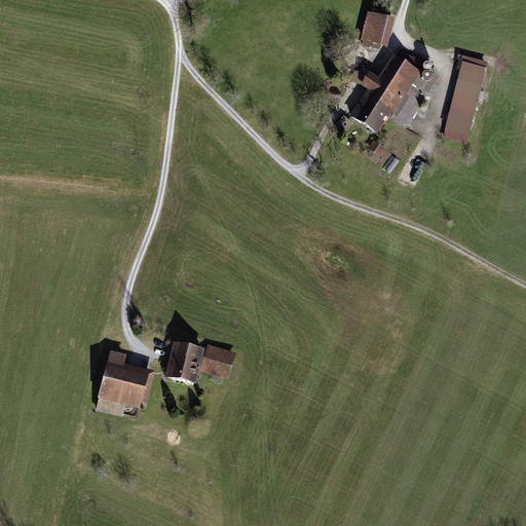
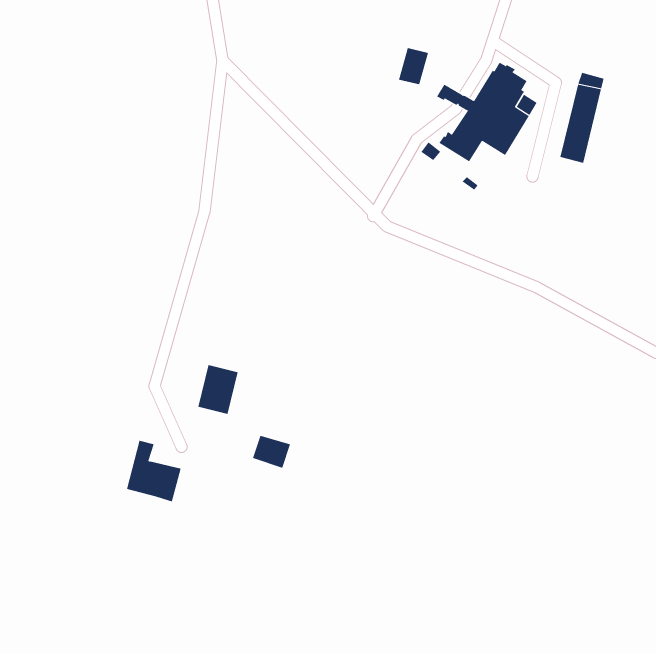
building: [363,13,387,43] -> [398,48,429,85]
building: [167,342,200,382] -> [197,364,239,415]
building: [96,390,124,413] -> none

